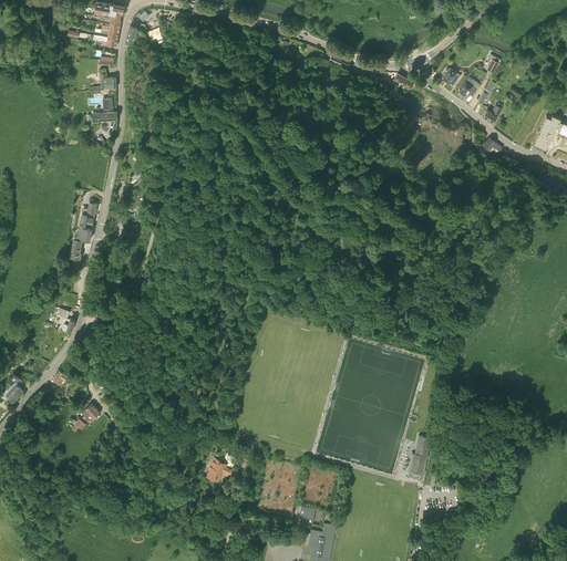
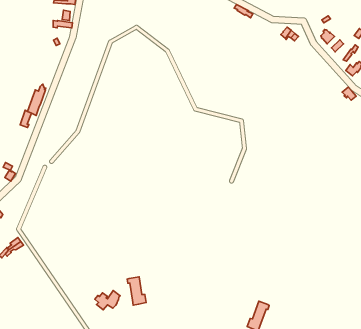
building: none -> [127,277,146,305]

